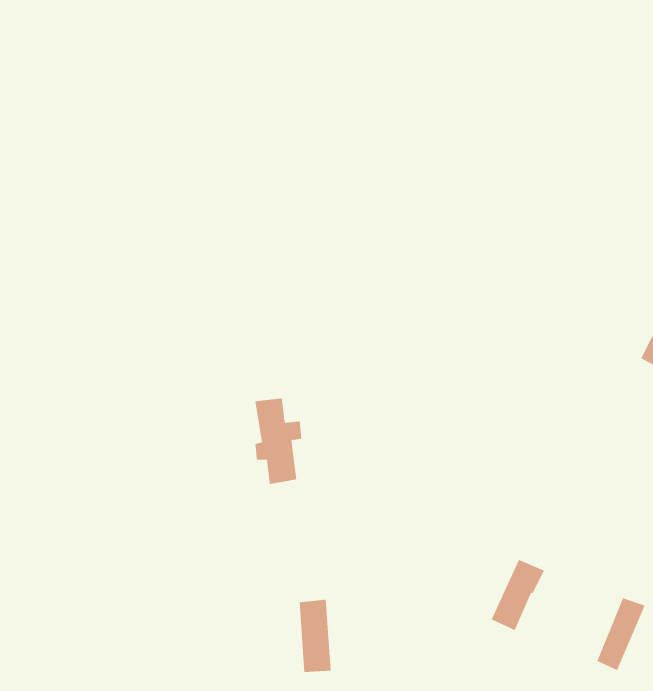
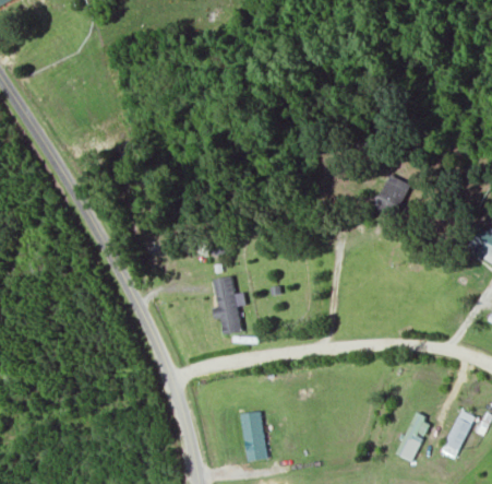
building: none -> [375,174,412,217]
building: [491,559,545,631] -> [396,413,432,461]

